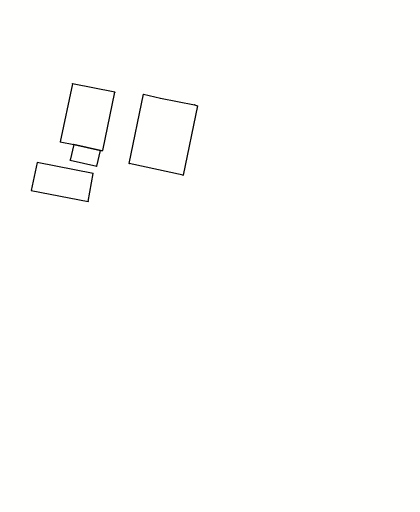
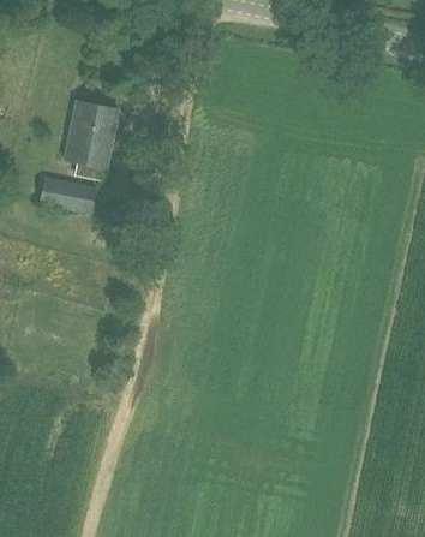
building: [129,94,197,175] -> none

